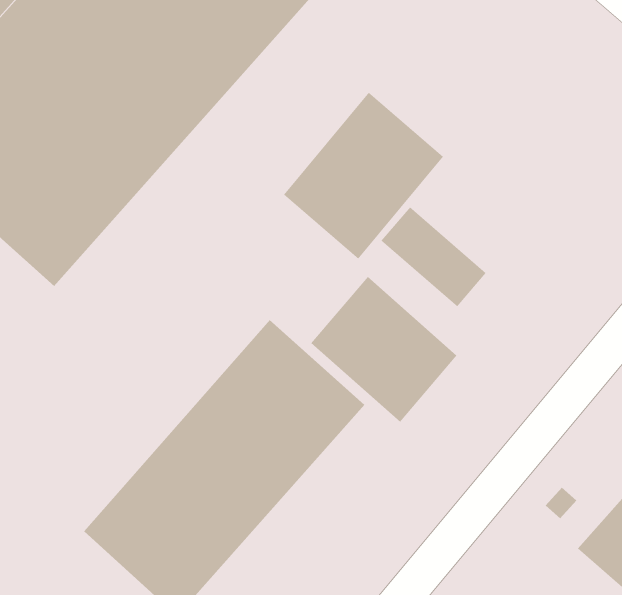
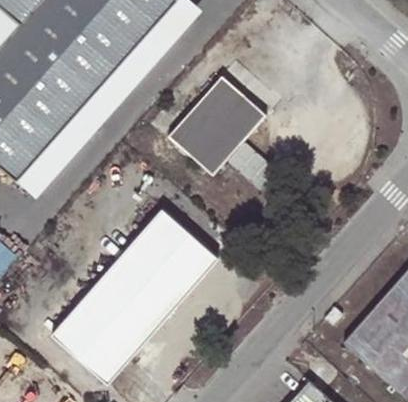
building: [311,276,457,422] -> none

